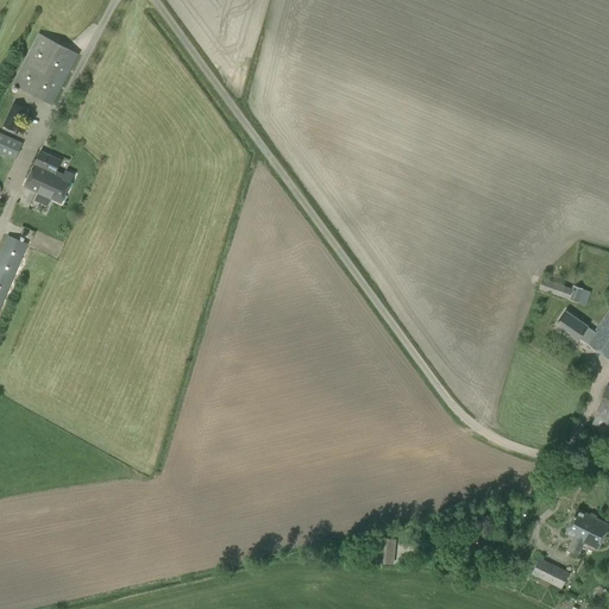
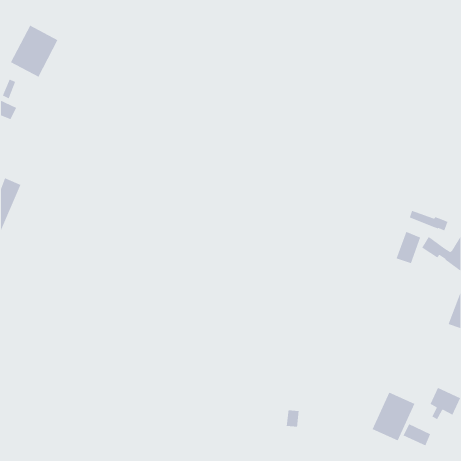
building: [24,151,74,206] -> none
building: none -> [395,231,421,264]
building: none -> [371,391,416,441]

